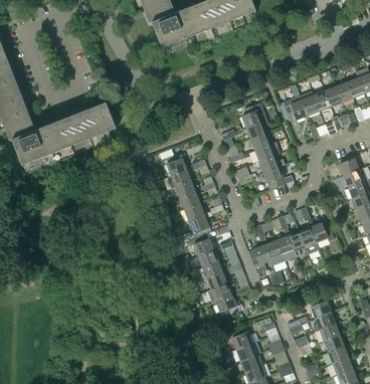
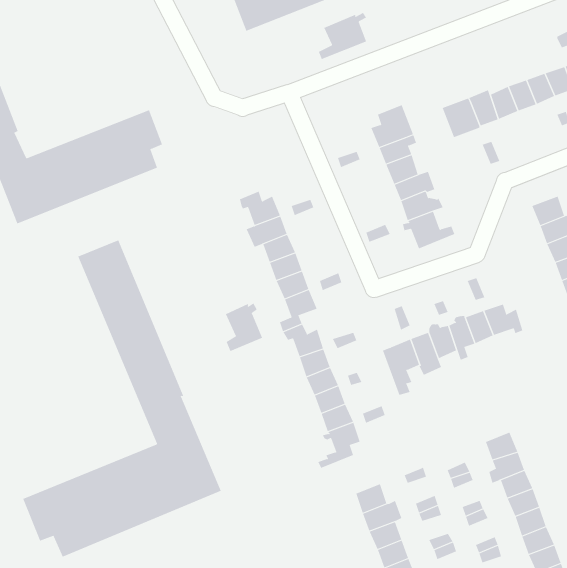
building: none -> [318,12,367,60]
building: none -> [23,239,222,557]
building: none -> [225,302,263,352]

